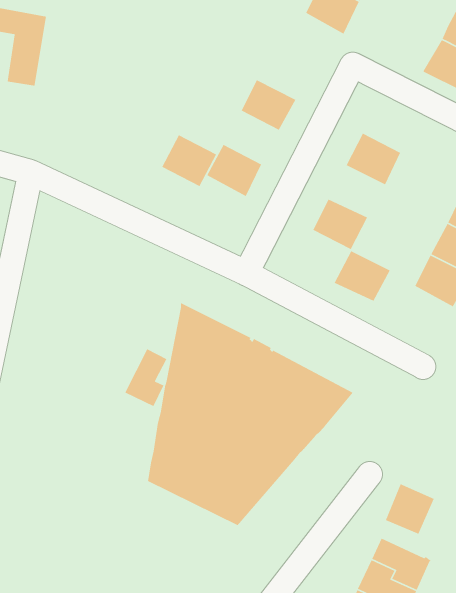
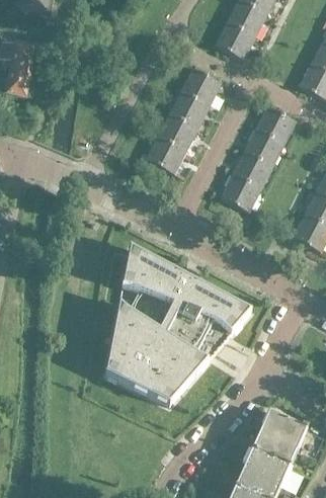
building: none -> [181,67,221,104]
building: none -> [256,105,296,142]
building: [161,134,217,187] -> [158,112,197,150]
building: [334,250,391,302] -> [232,151,272,187]
building: [124,348,168,407] -> none
building: [385,483,435,535] -> none

